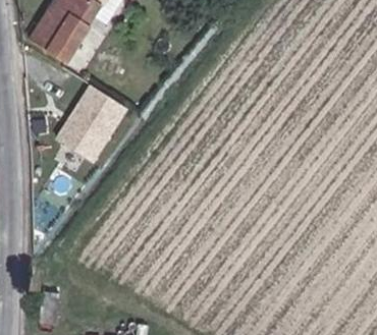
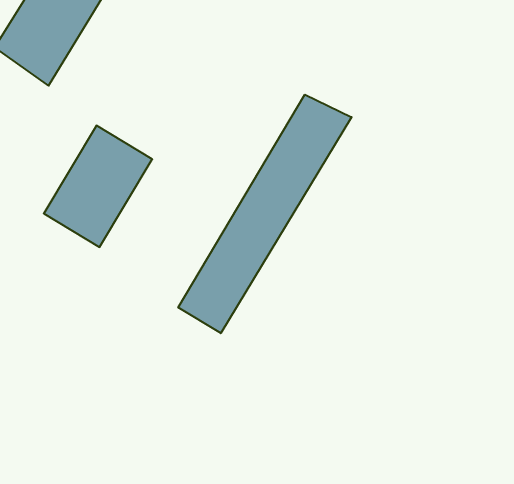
building: none -> [178,95,352,333]

